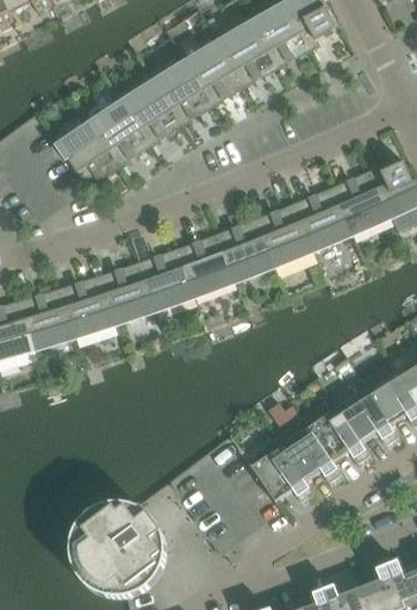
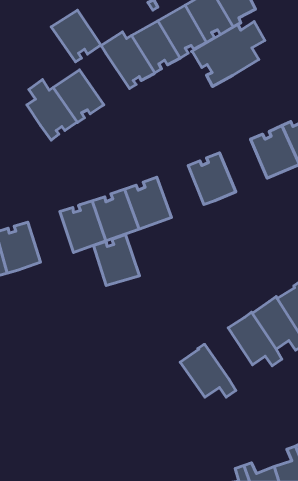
building: none -> [191,22,265,86]
building: [123,82,183,145] -> [51,10,101,62]
building: [293,187,351,251] -> none
building: [217,219,274,282] -> none
building: [60,275,116,337] -> [93,235,139,285]
building: [275,417,341,483] -> none
building: [71,505,164,597] -> none

